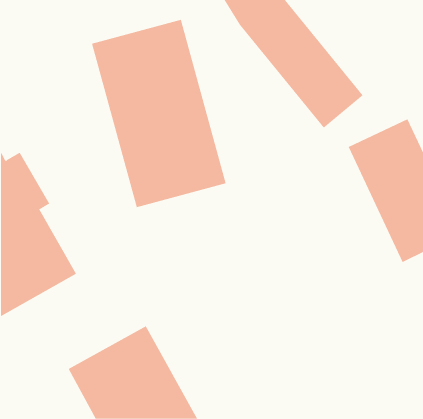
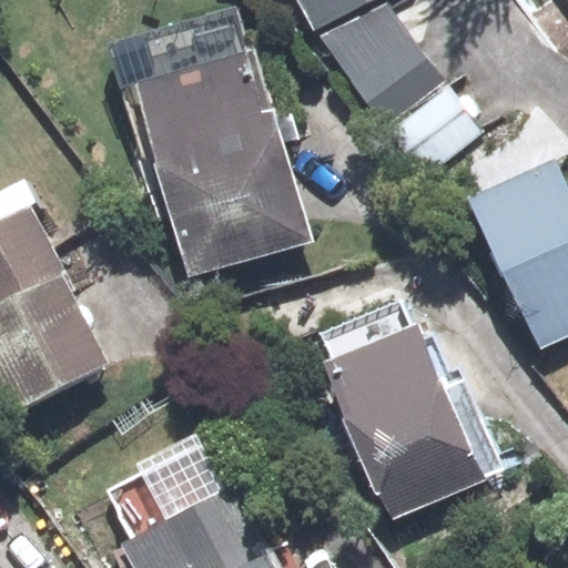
building: none -> [312,322,485,525]

